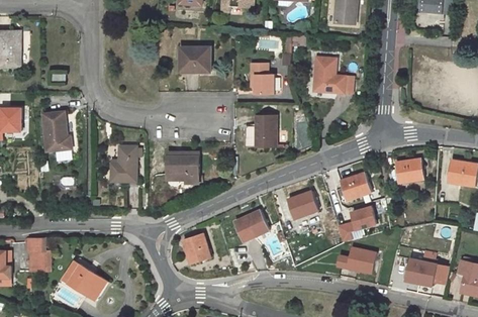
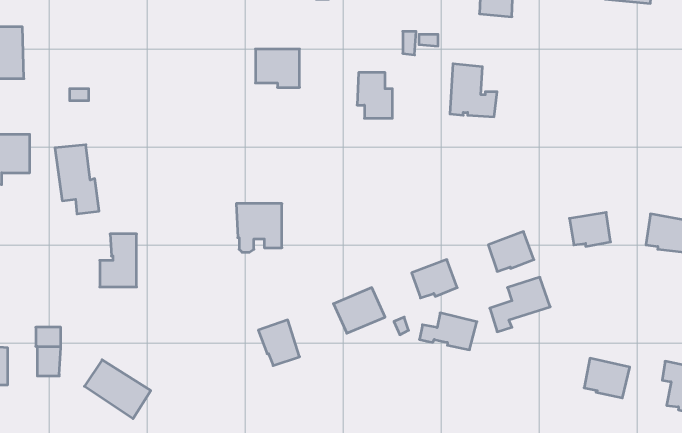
building: [245,115,277,148] -> none
building: [111,146,136,183] -> [100,234,137,287]
building: [337,248,376,274] -> [419,313,477,350]

